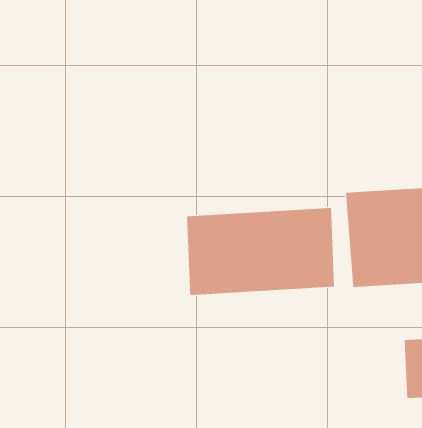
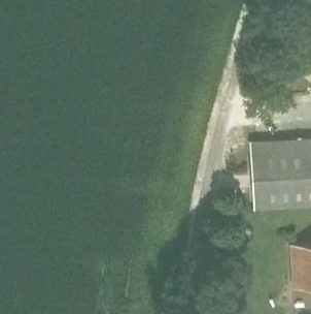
building: [187,207,335,296] -> none

